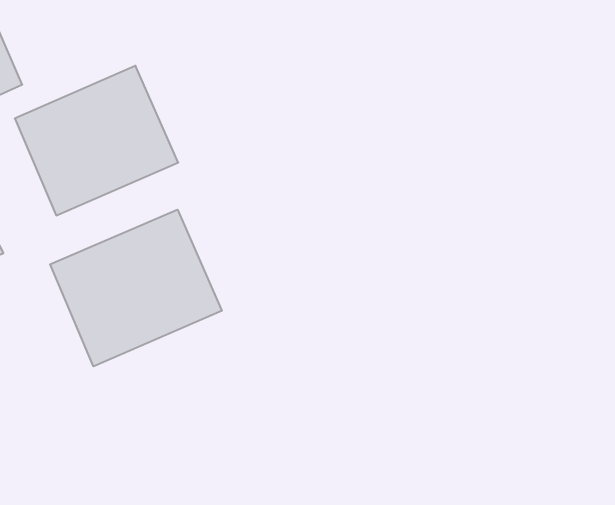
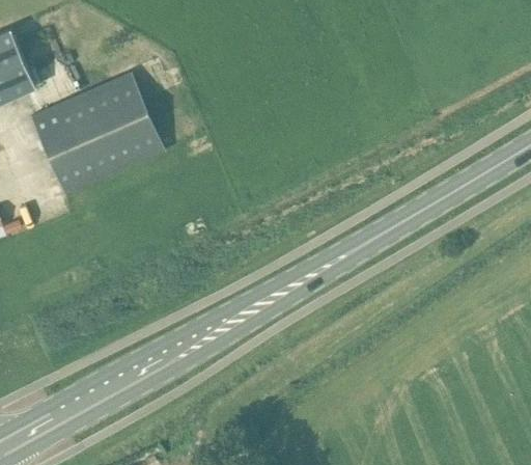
building: [50,210,222,366] -> none

